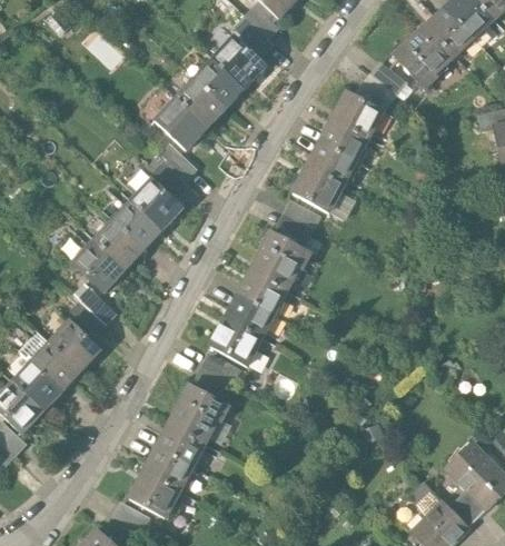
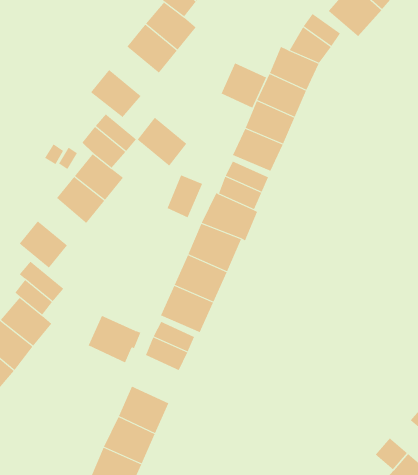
building: [176,79,225,129] -> [137,117,187,167]
building: none -> [221,62,267,108]
building: none -> [167,175,203,218]
building: [95,222,142,270] -> none
building: [175,384,228,433] -> [88,315,141,363]

